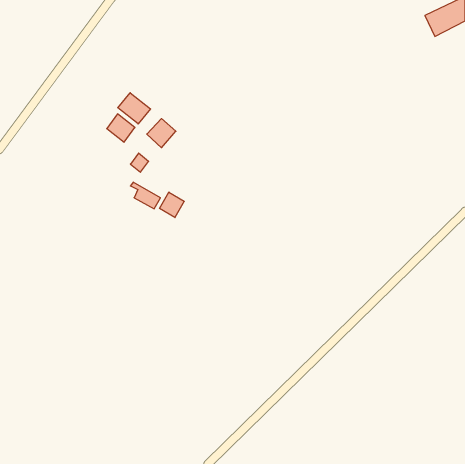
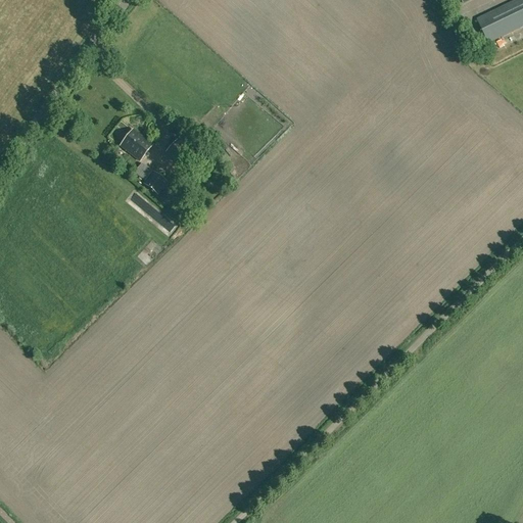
building: [118,93,151,124] -> none
building: [160,192,184,218] -> none

